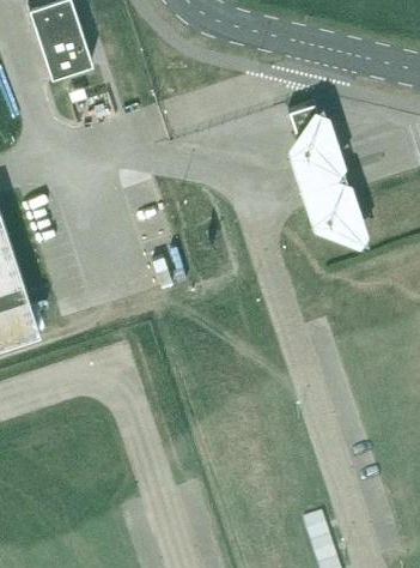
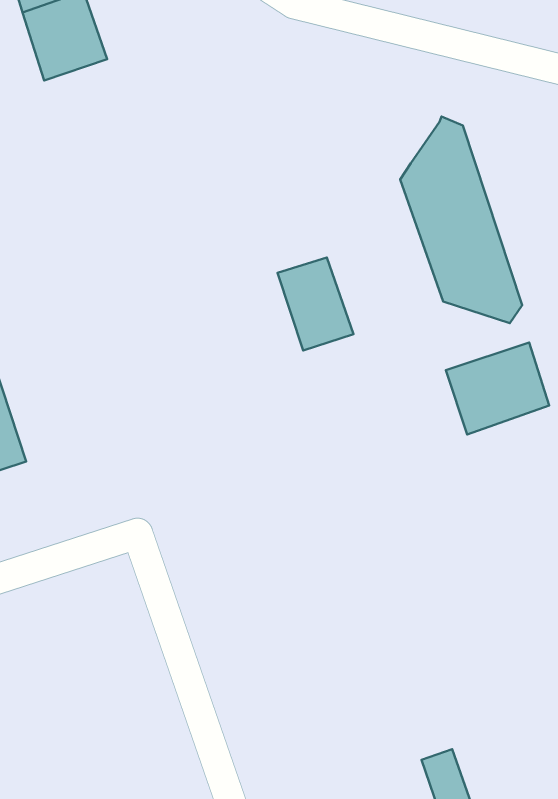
building: none -> [277,257,354,351]
building: none -> [446,342,549,435]

